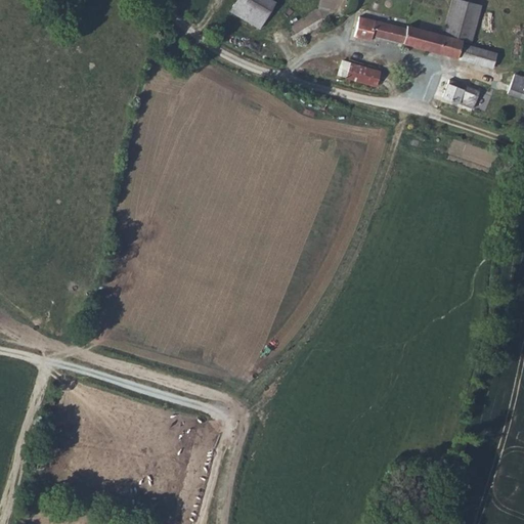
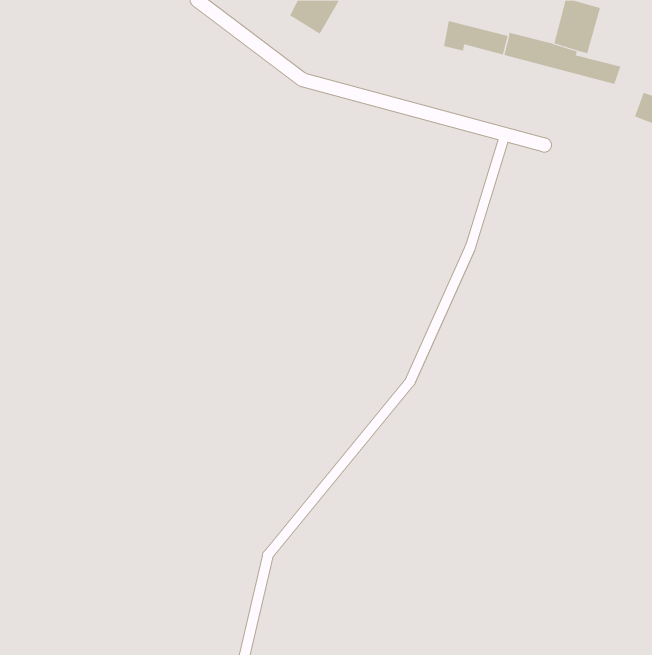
building: [340,61,382,86] -> none
building: [444,80,481,108] -> none

